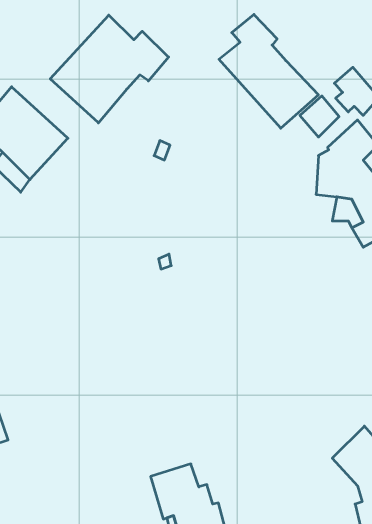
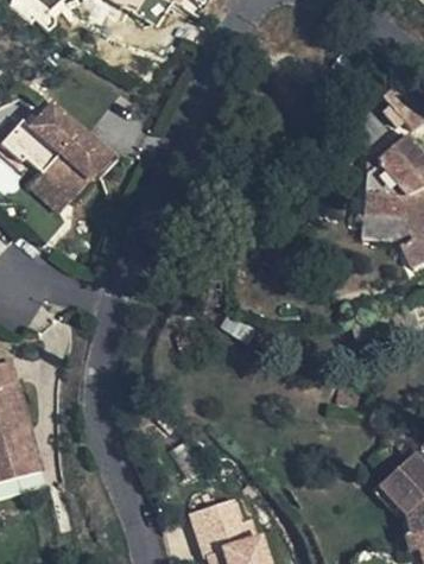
building: [219,14,318,128] -> none
building: [50,15,169,123] -> none

